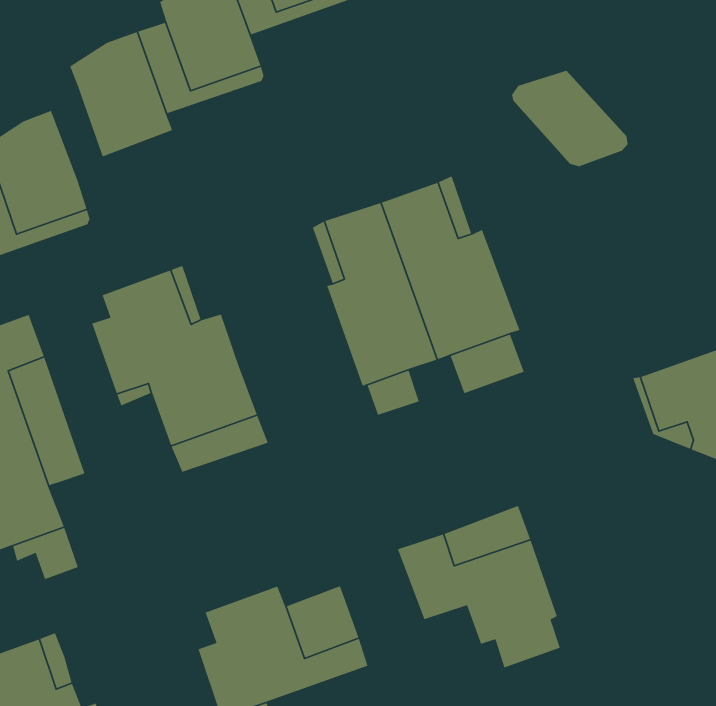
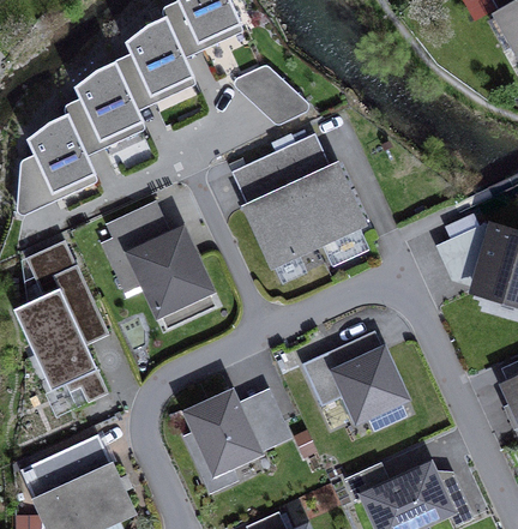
building: [511,70,628,167] -> [234,65,308,124]
building: none -> [65,98,143,156]

